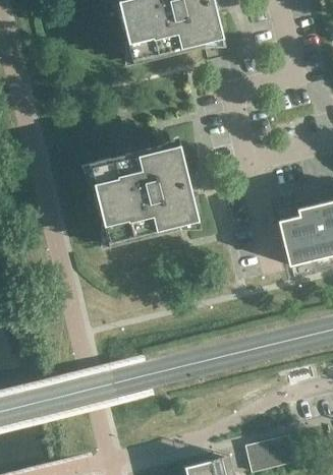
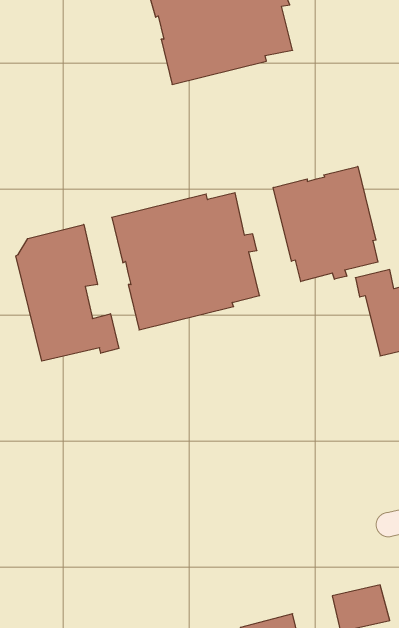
building: none -> [273,166,378,282]
building: none -> [16,224,119,361]

